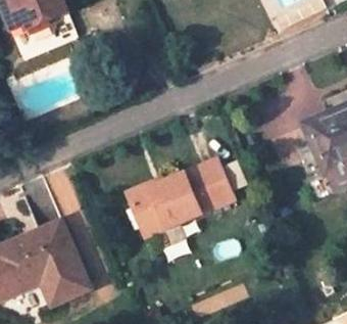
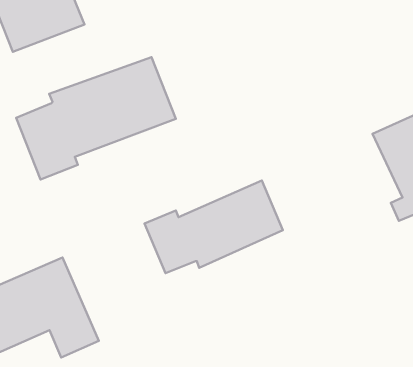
building: none -> [16,57,176,180]

